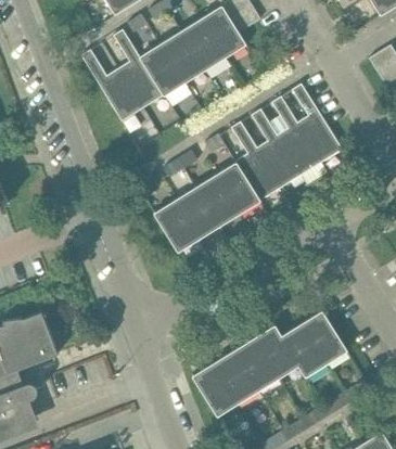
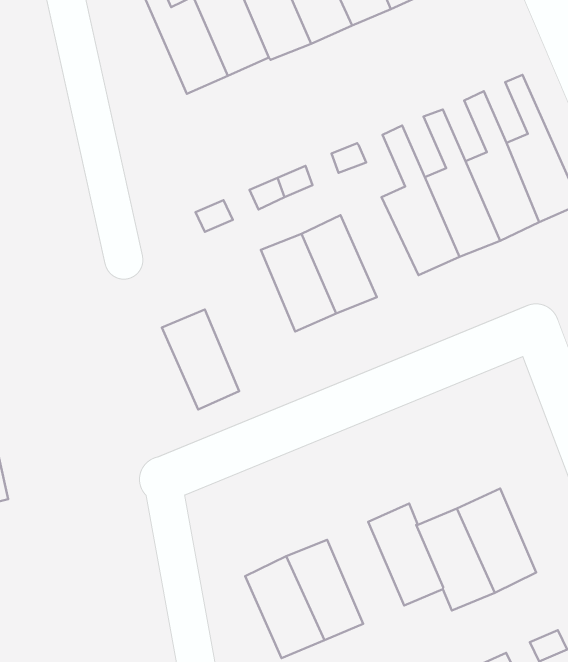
building: [214,161,260,215] -> none
building: [152,198,199,253] -> [162,310,239,409]
building: [232,336,279,392] -> none

